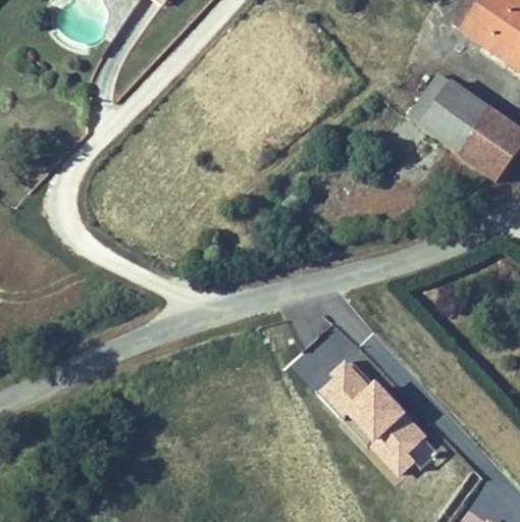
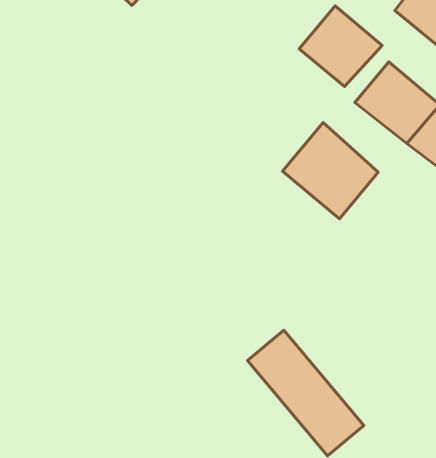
building: none -> [299,6,382,86]
building: none -> [282,123,378,219]

